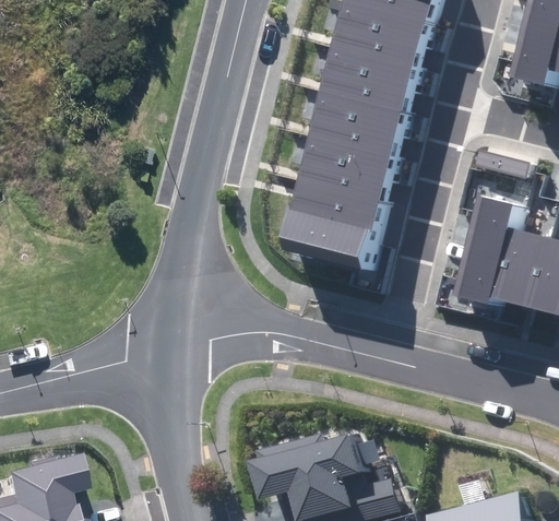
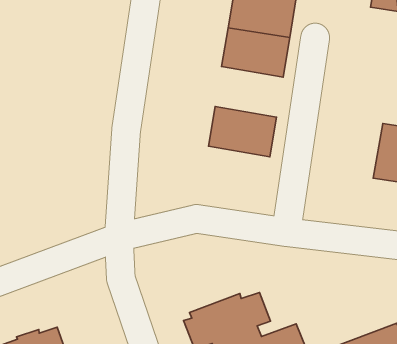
building: [304,140,394,211] -> none
building: [457,197,523,309] -> none

